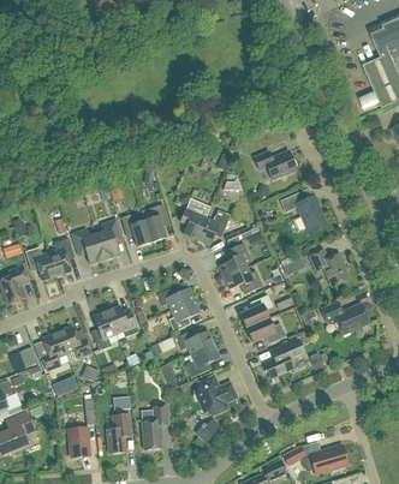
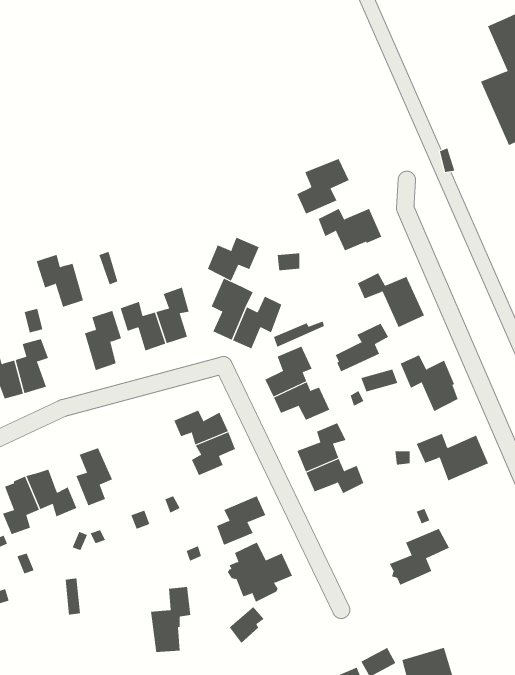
building: none -> [296,158,350,215]
building: none -> [207,237,259,281]
building: none -> [335,323,389,372]
building: [71,228,103,264] -> [36,254,84,308]
building: [106,305,138,336] -> none
building: [175,329,213,353] -> none
building: [263,339,304,377] -> [389,528,450,585]
building: [106,413,131,453] -> none
building: [67,426,90,456] -> none

